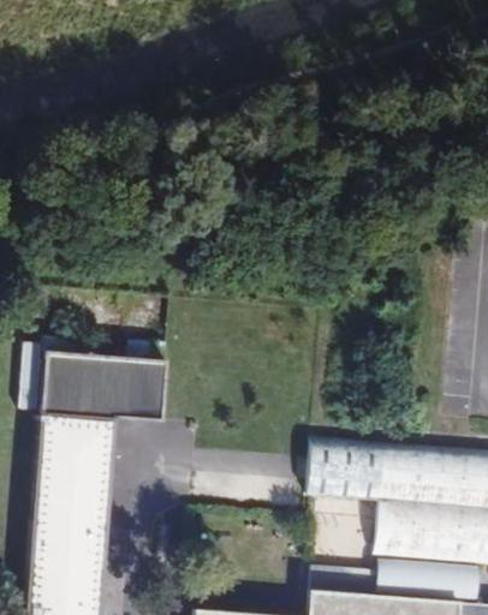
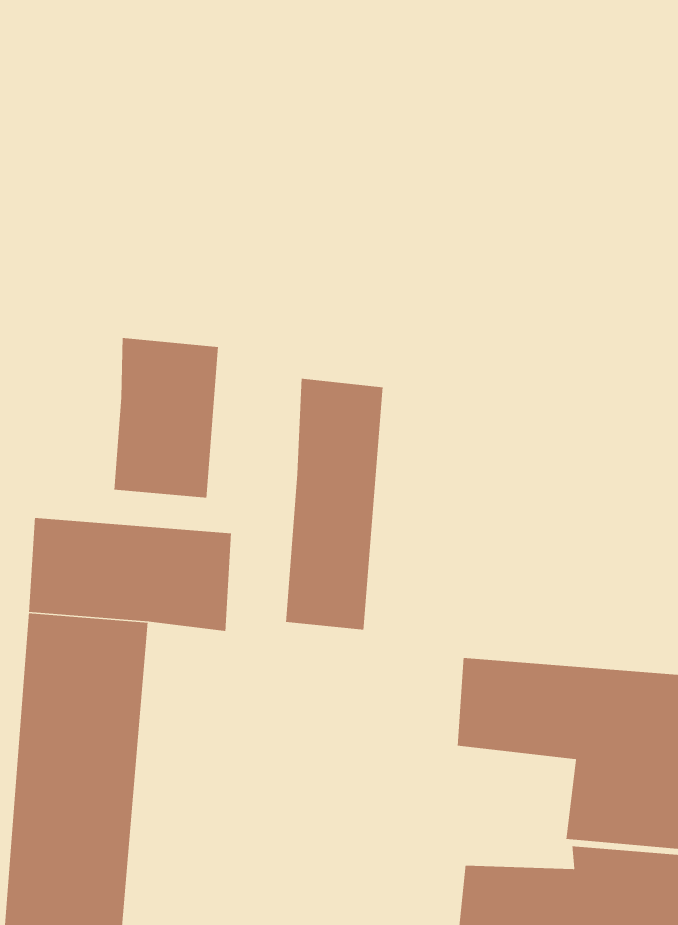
building: none -> [114,337,219,499]
building: none -> [285,378,383,631]

